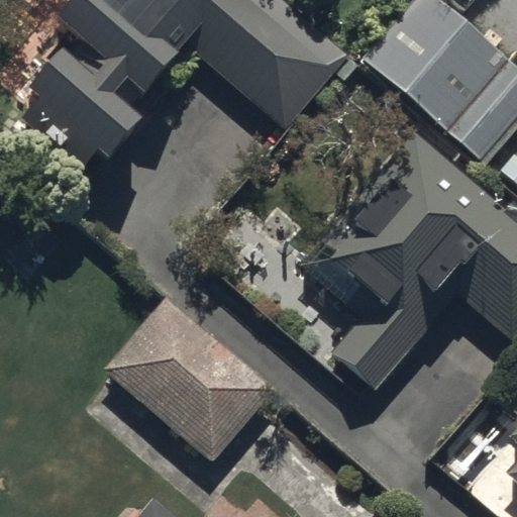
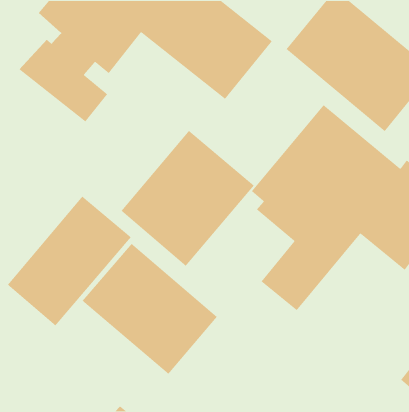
building: none -> [121,130,255,267]
building: none -> [7,196,132,326]

